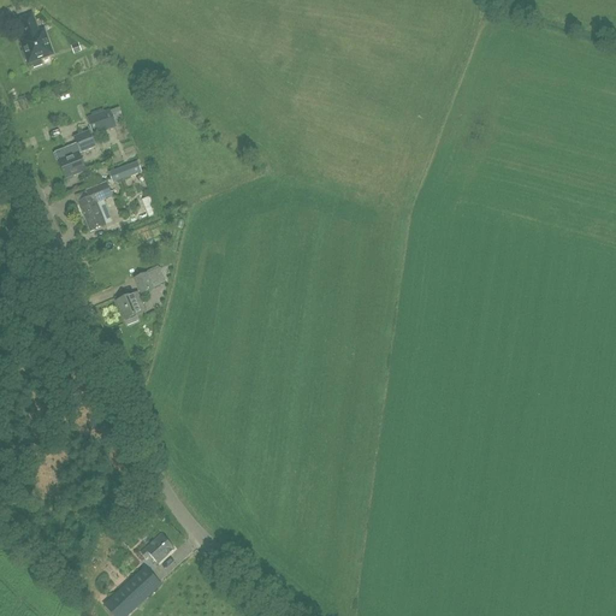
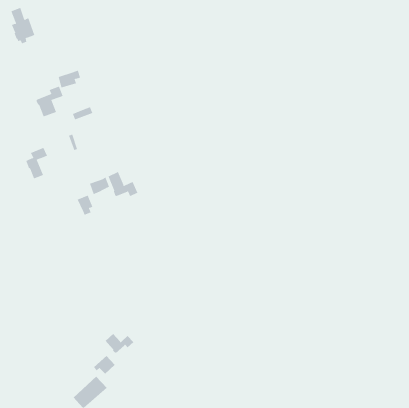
building: [77,180,111,229] -> [25,147,48,179]
building: none -> [108,171,138,197]
building: none -> [105,333,134,354]

